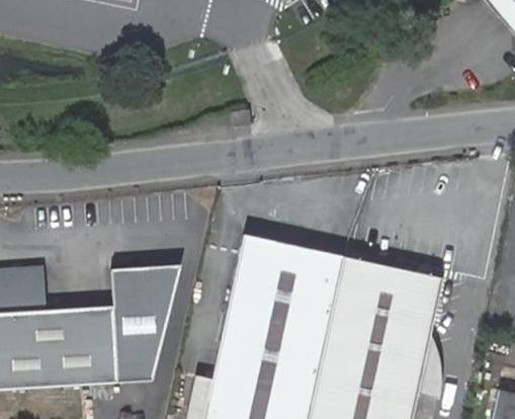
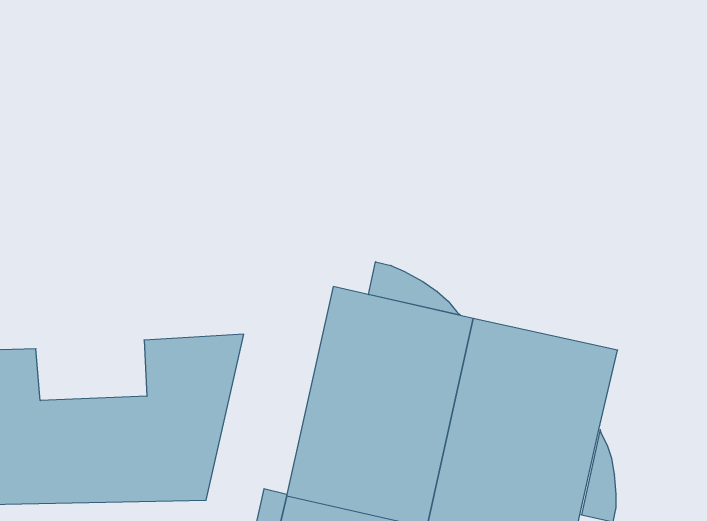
building: none -> [368,262,460,315]

